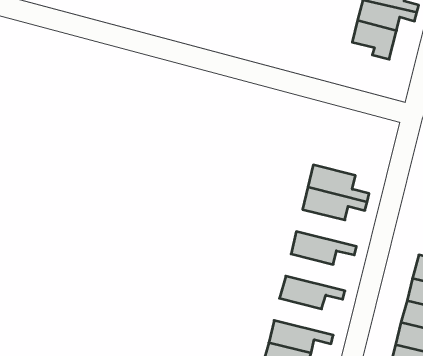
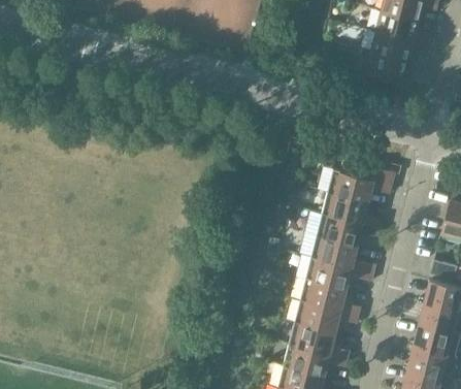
building: none -> [327,163,394,202]
building: none -> [310,235,371,271]
building: none -> [300,279,360,315]
building: none -> [289,322,349,358]

